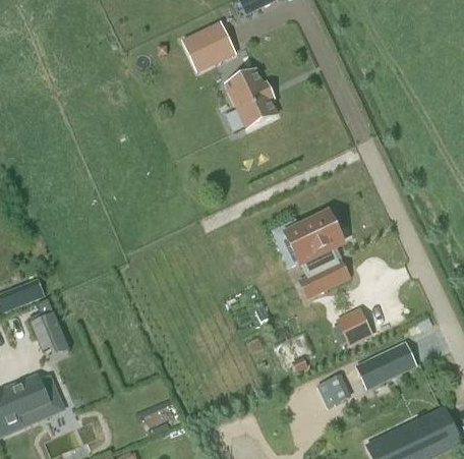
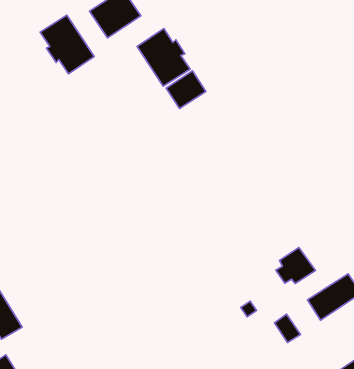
building: none -> [40,15,94,74]
building: none -> [166,71,206,109]
building: [285,214,348,296] -> none

